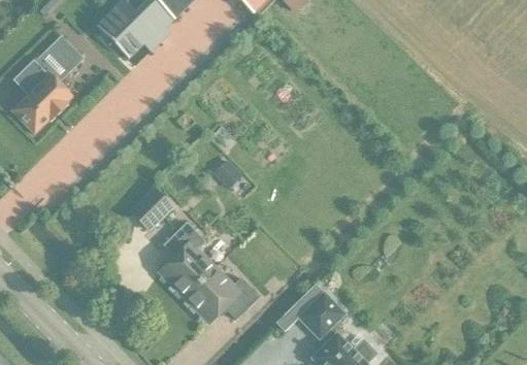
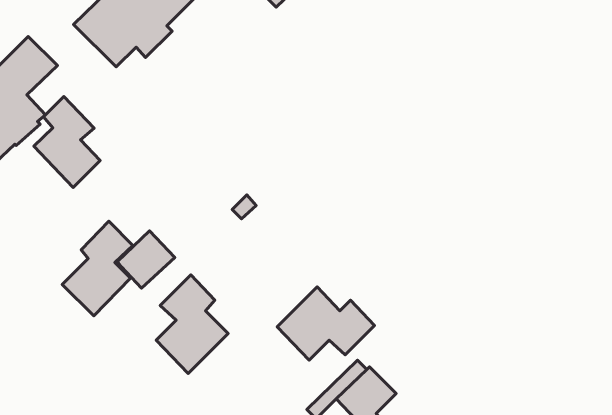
building: none -> [34,96,100,187]
building: none -> [62,221,133,316]
building: [184,266,259,323] -> [277,287,374,360]

